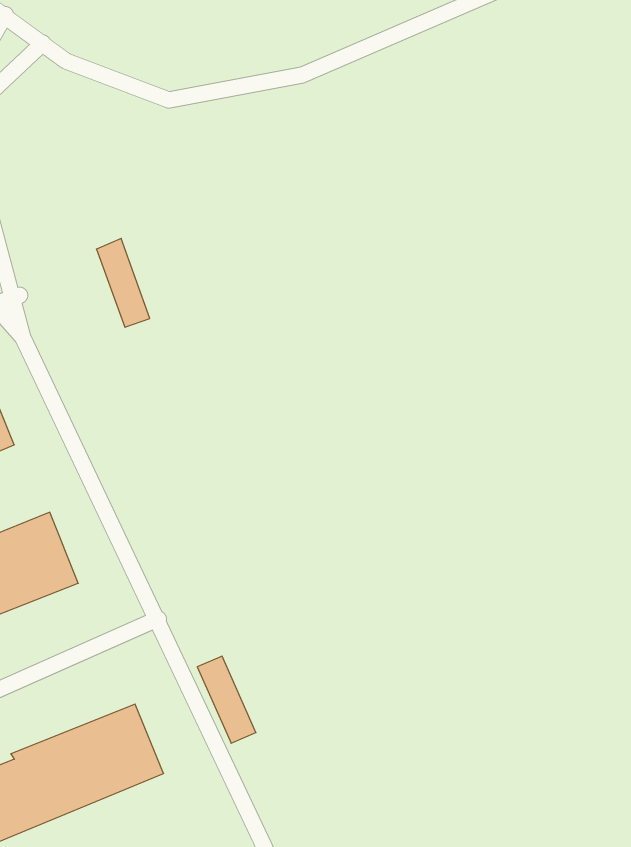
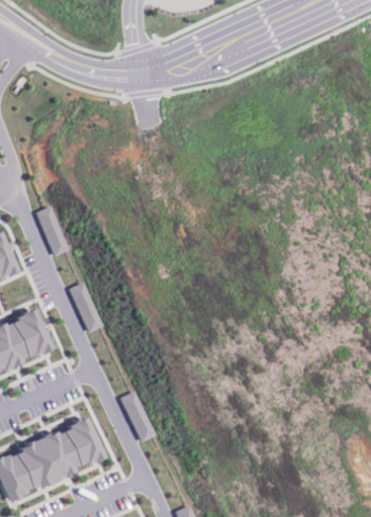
building: [96,238,150,327] -> [38,208,69,258]
building: none -> [73,285,105,334]

